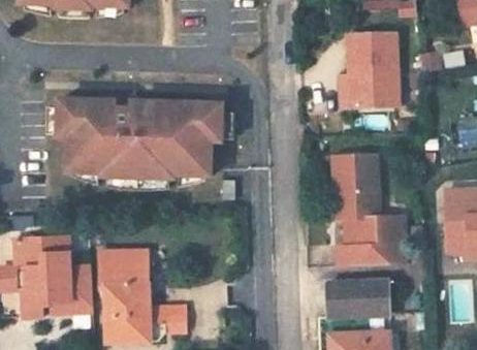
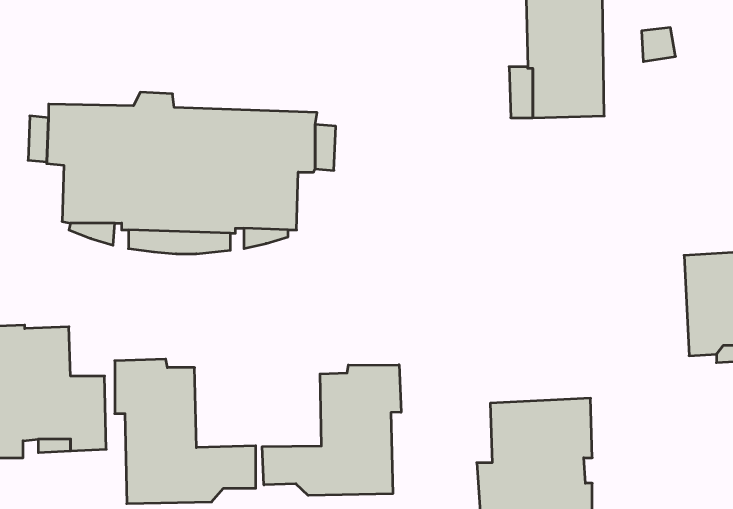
building: [332,151,405,263] -> none
building: none -> [262,365,401,495]

